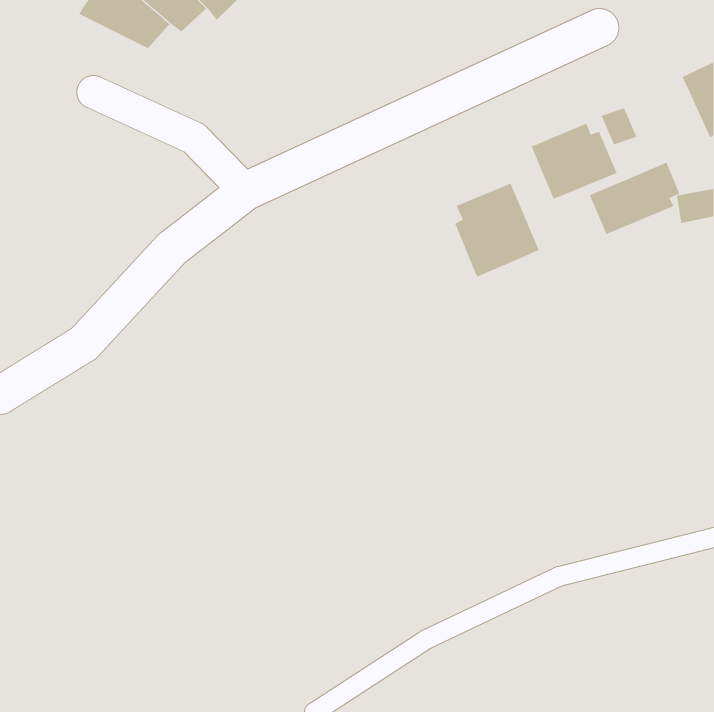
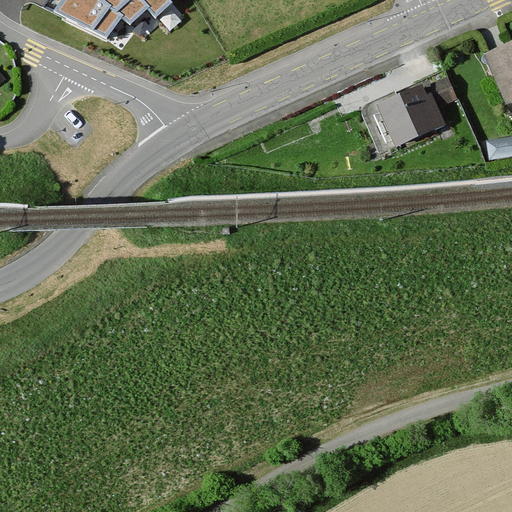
building: [589,162,680,235] -> none
building: [455,183,540,278] -> none

